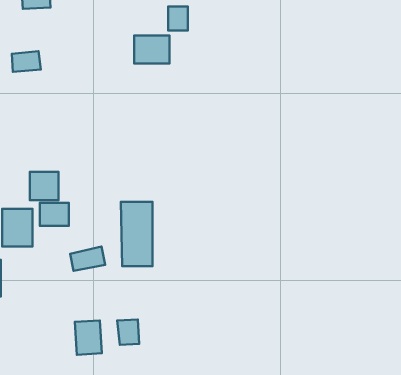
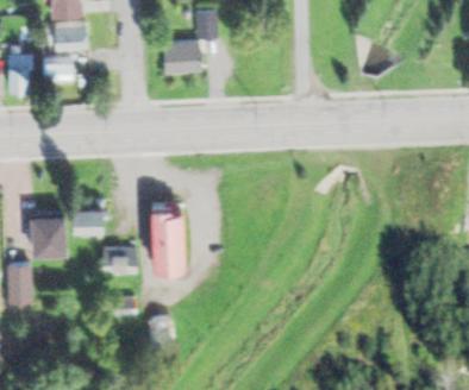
building: none -> [55,25,87,51]
building: [30,172,59,200] -> none
building: [75,320,102,355] -> none

